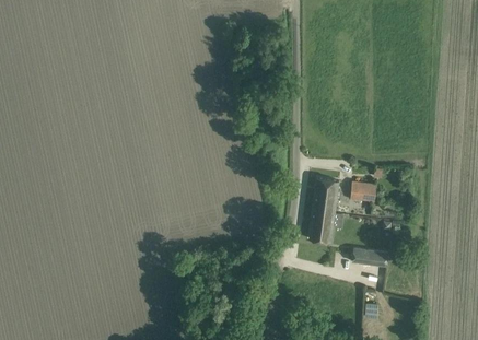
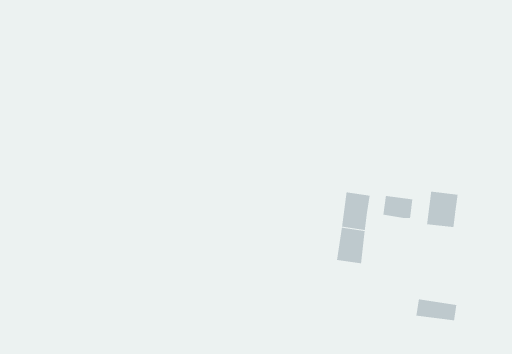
building: none -> [426,191,458,228]
building: [351,247,388,267] -> [416,299,457,321]

